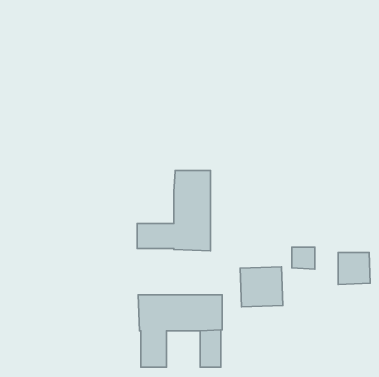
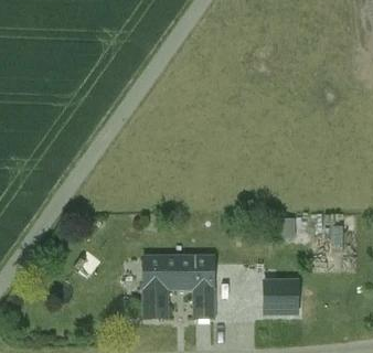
building: [137,170,210,251] -> none
building: [240,267,283,307] -> [266,279,302,313]

